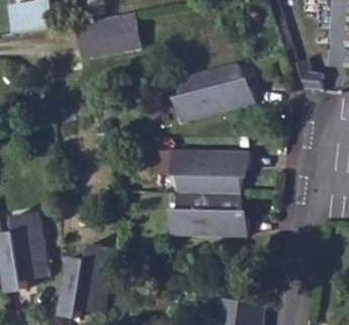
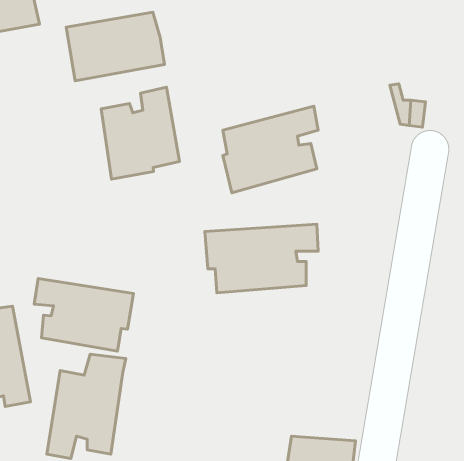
building: none -> [101,87,179,179]
building: none -> [34,279,133,351]
building: [170,196,247,243] -> none

